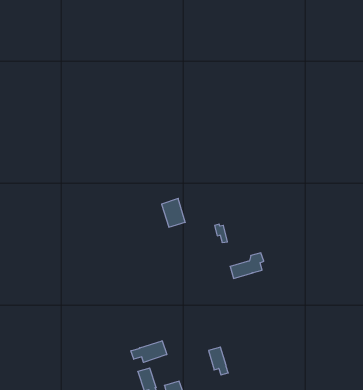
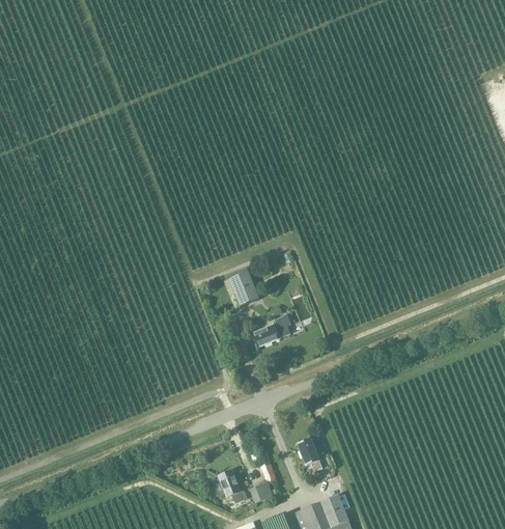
building: [230,253,264,278] -> [253,314,291,346]
building: [131,341,167,362] -> none

